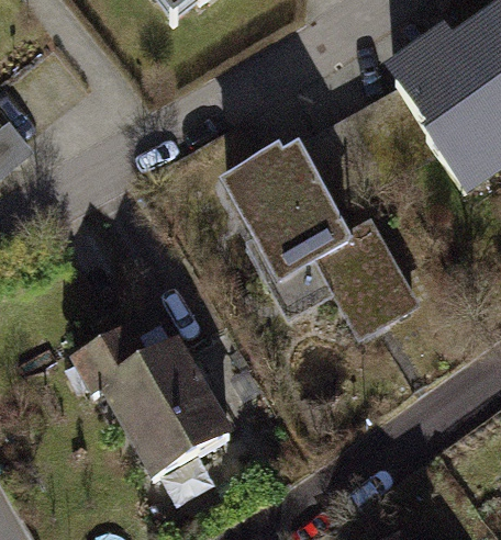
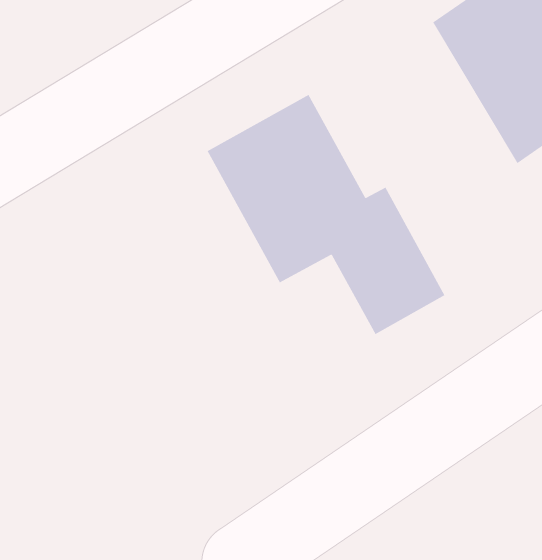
building: [74,306,233,488] -> none

